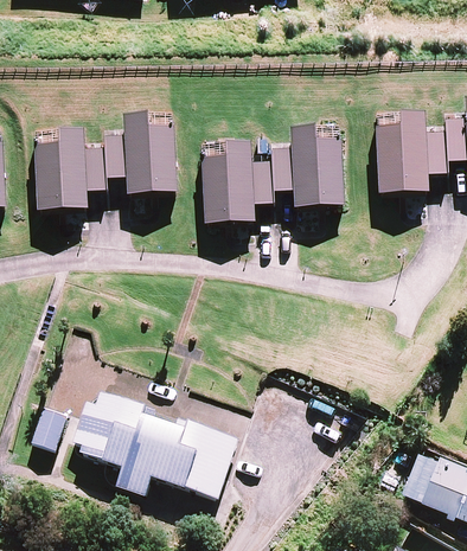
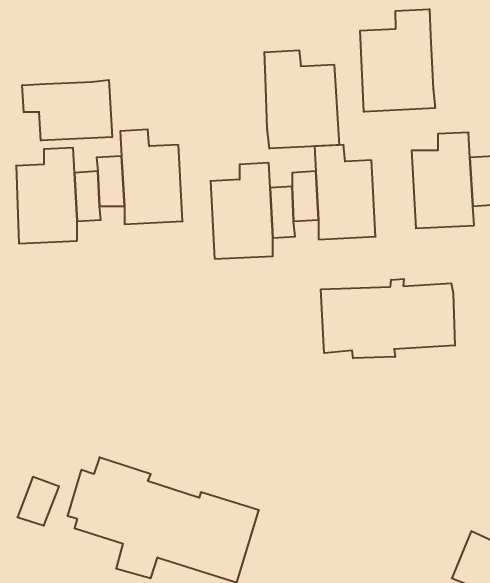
building: none -> [360,9,435,112]
building: none -> [264,50,339,149]
building: none -> [22,80,112,141]
building: none -> [321,279,455,358]

